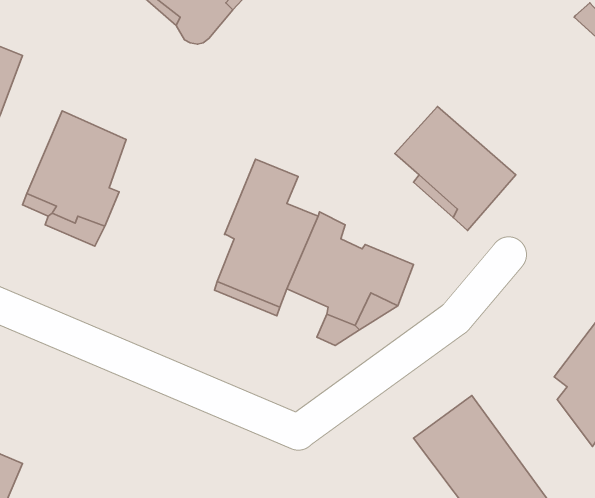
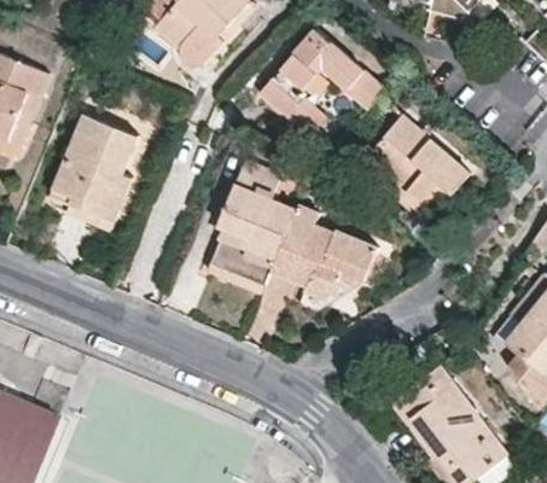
building: none -> [262,30,386,136]

